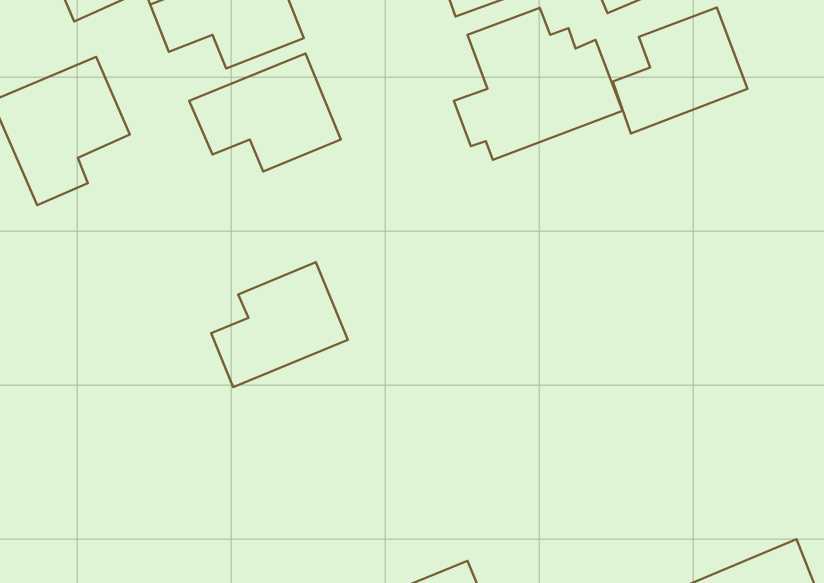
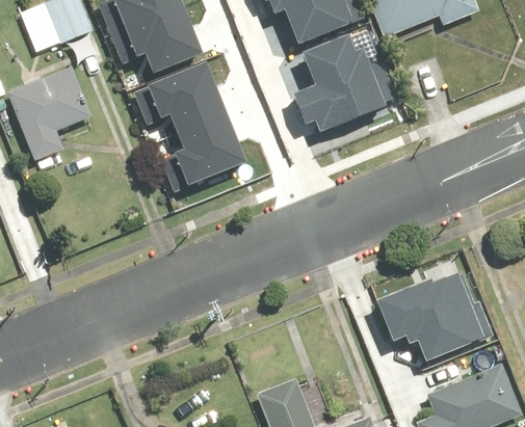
building: [613,8,748,133] -> none
building: [211,262,348,387] -> [158,115,242,192]
building: none -> [383,272,494,366]

